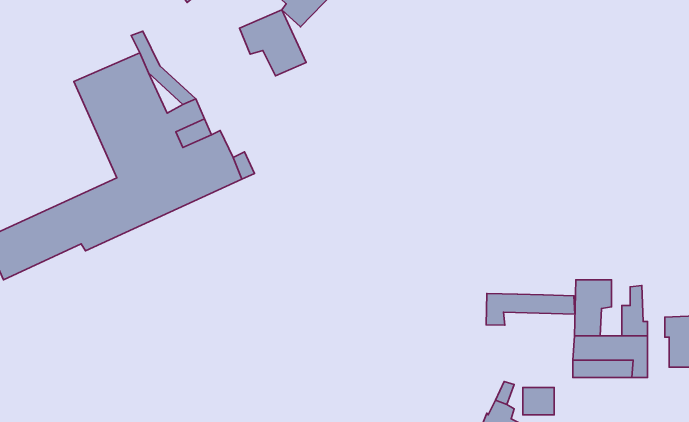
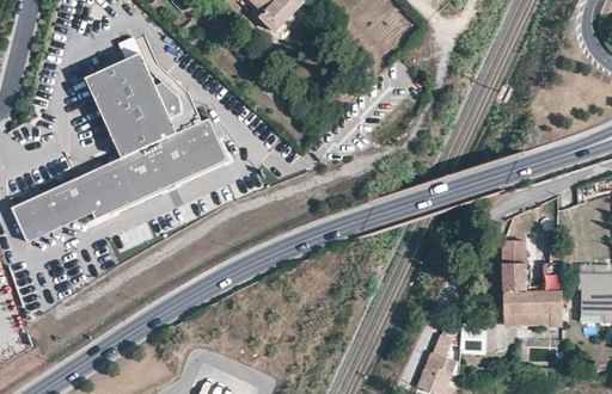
building: [239,10,306,76] -> none
building: [486,294,575,325] -> none

